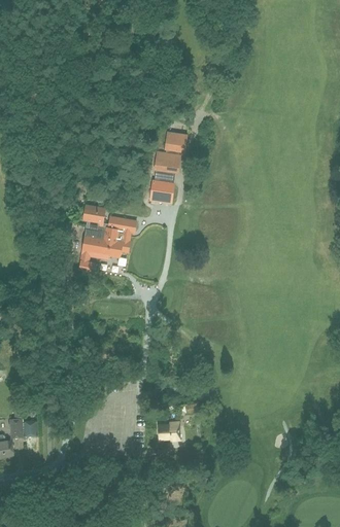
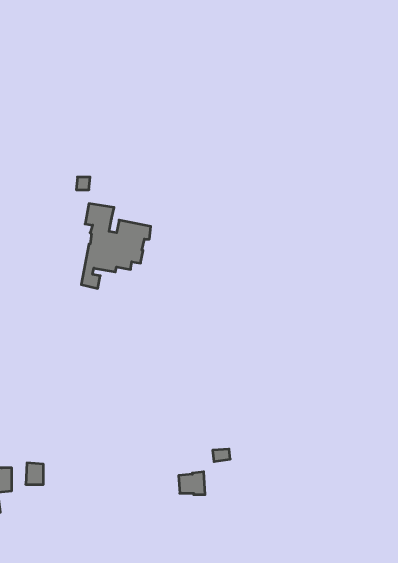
building: [148,132,186,202] -> none

